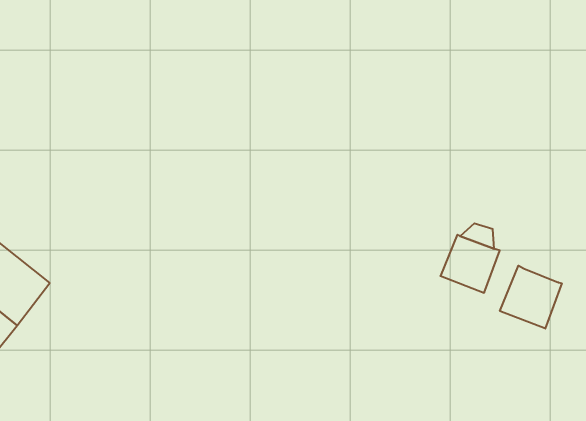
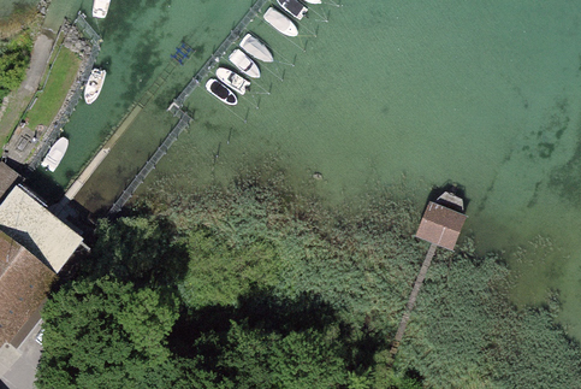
building: [500,266,562,329] -> none

